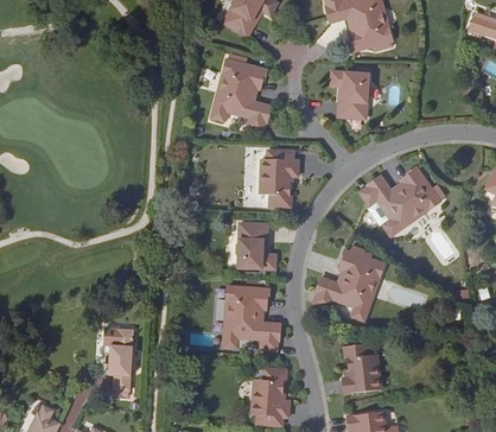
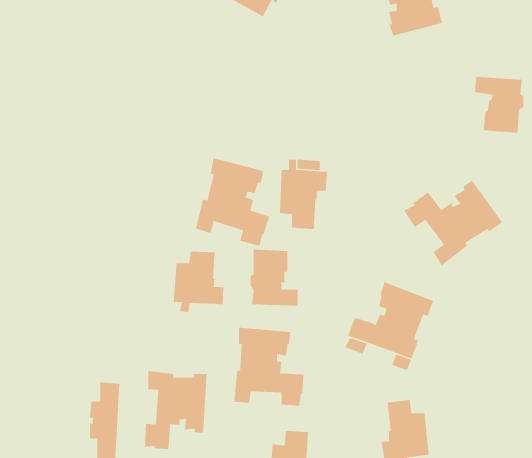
building: [211,58,272,131] -> [195,157,270,247]
building: [330,71,370,117] -> [474,76,524,134]
building: none -> [173,251,224,313]
building: none -> [144,370,207,450]

